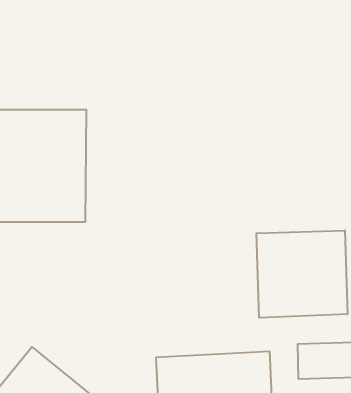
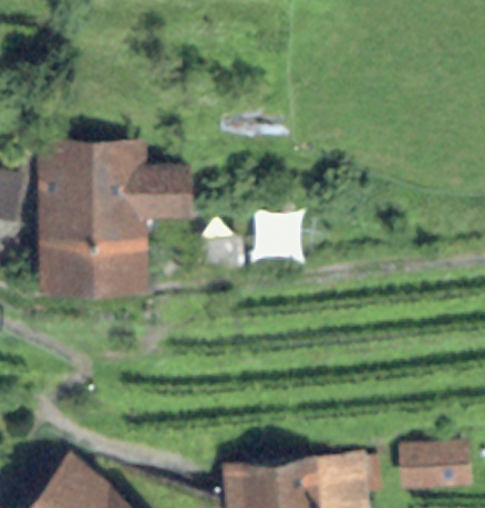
building: [256,230,347,318] -> none

